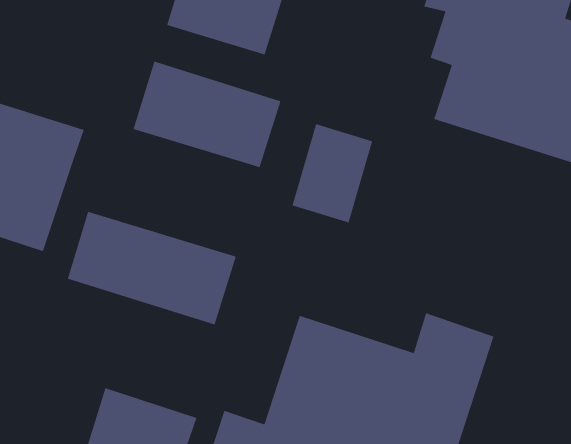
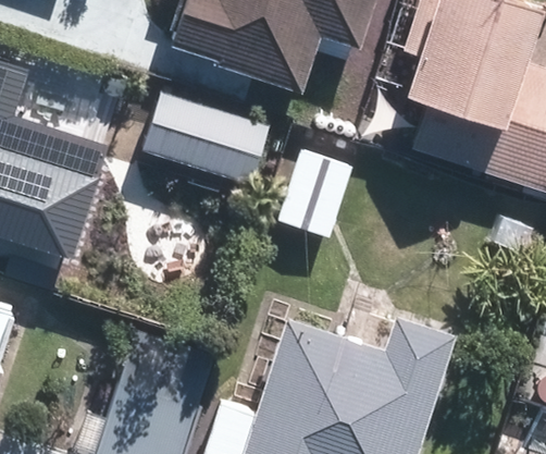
building: [67,211,237,326] -> none

